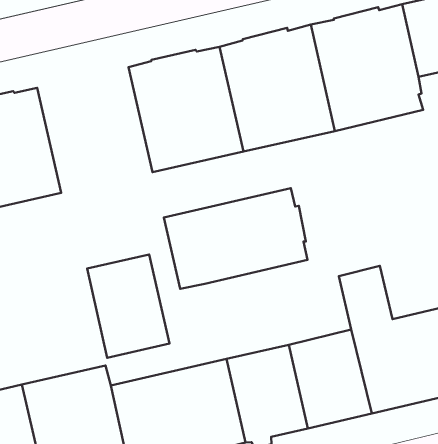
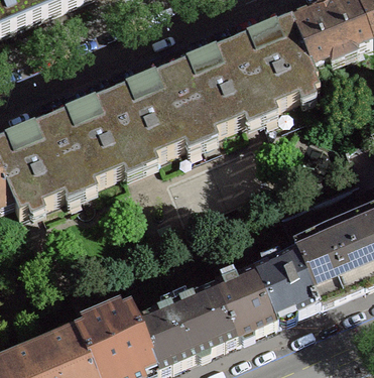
building: none -> [50,89,140,183]
building: [164,188,308,289] -> none
building: [87,254,169,358] -> none

